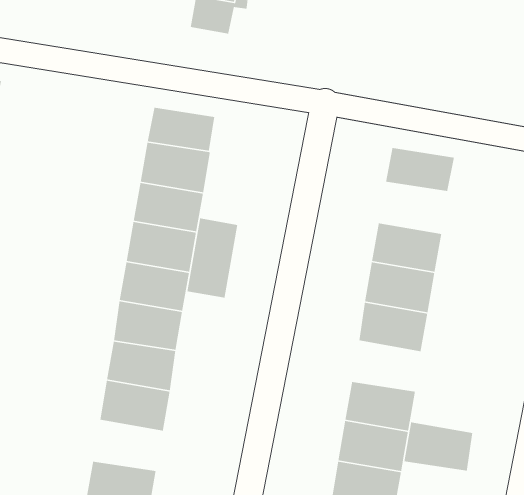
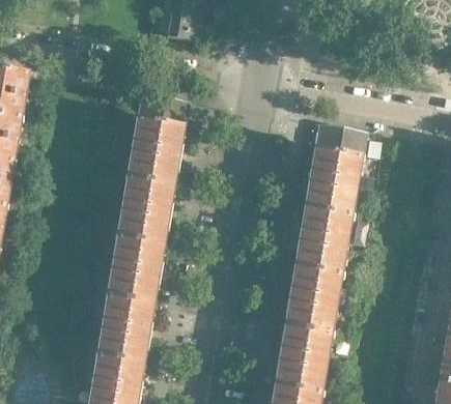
building: none -> [309,148,362,186]
building: [187,218,238,299] -> none
building: none -> [96,325,149,363]
building: [403,421,473,472] -> [289,266,341,304]

